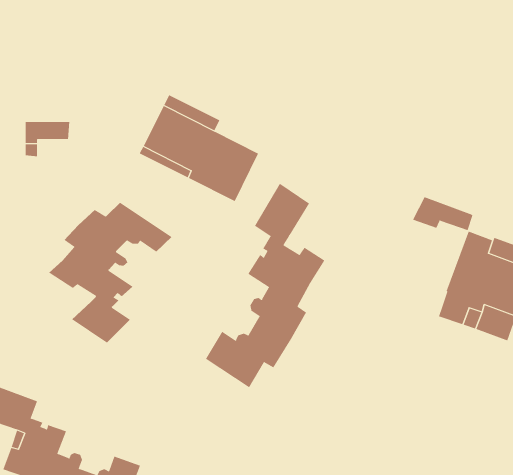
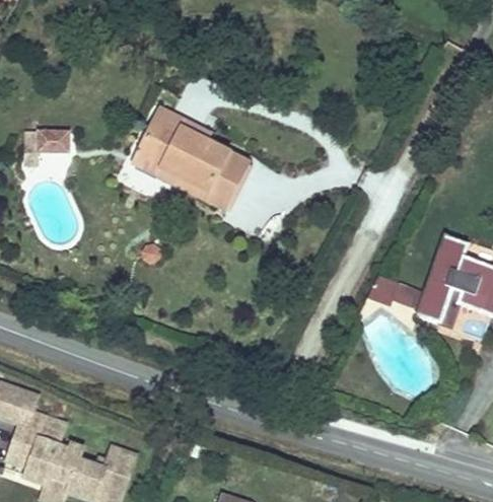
building: [205,183,325,388] -> none
building: [412,196,473,231] -> [367,275,425,307]
building: [48,202,172,344] -> none

